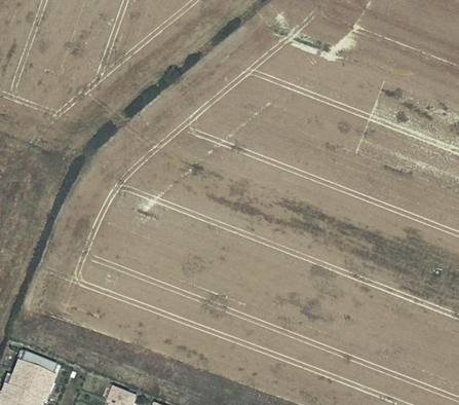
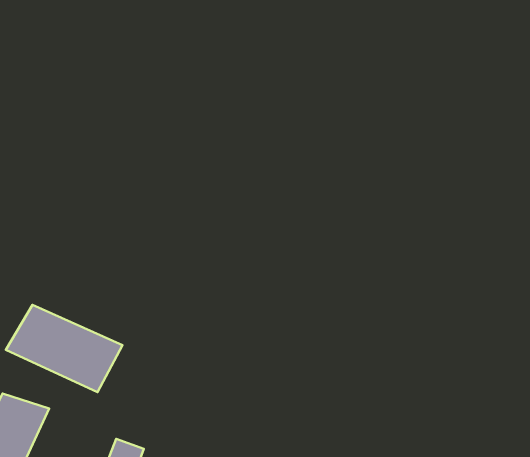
building: none -> [6,305,123,392]

